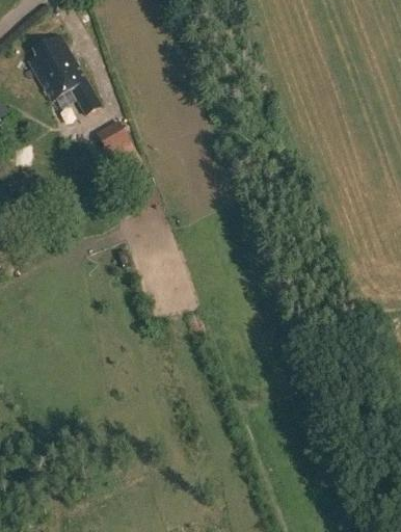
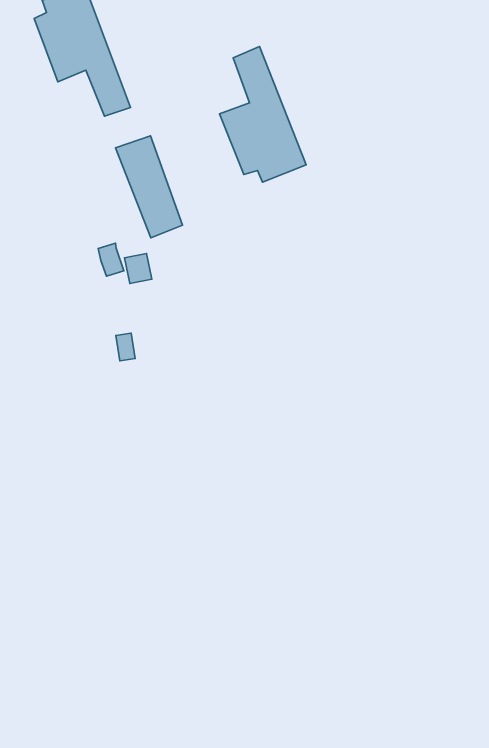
building: none -> [220,46,306,182]

